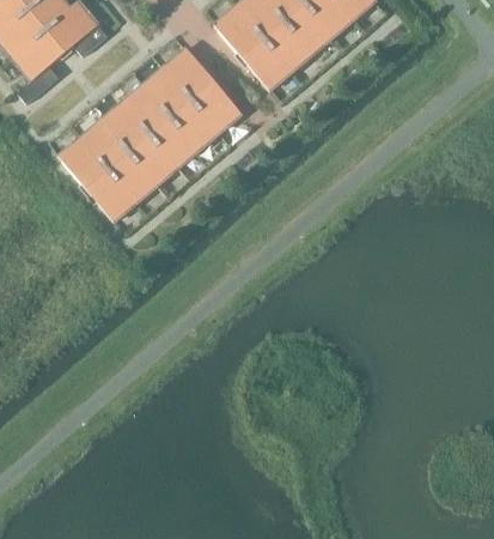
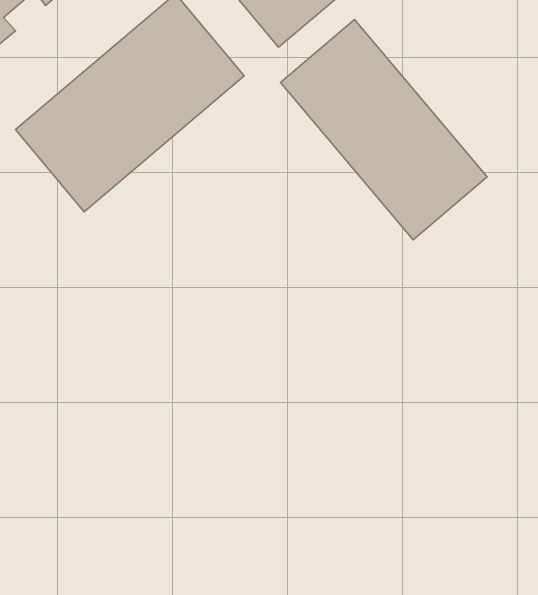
building: none -> [280,19,487,240]

